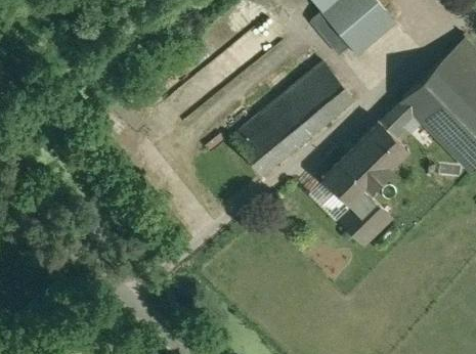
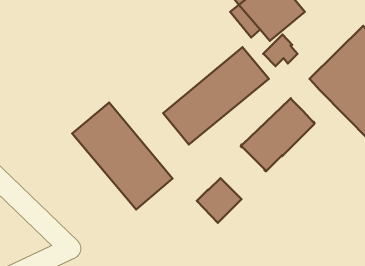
building: [381,101,421,138] -> [263,34,297,66]
building: none -> [72,102,173,209]
building: [339,193,391,246] -> [197,178,242,223]

